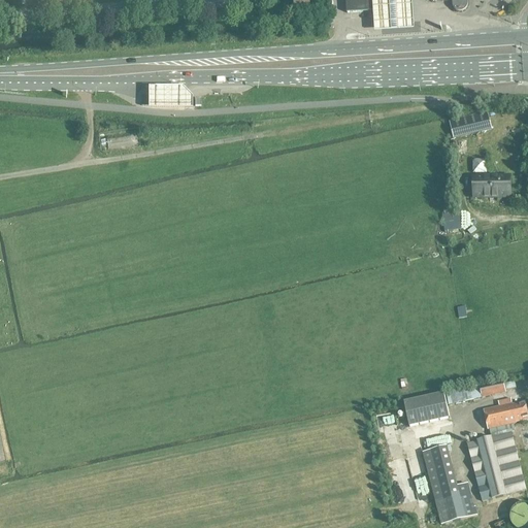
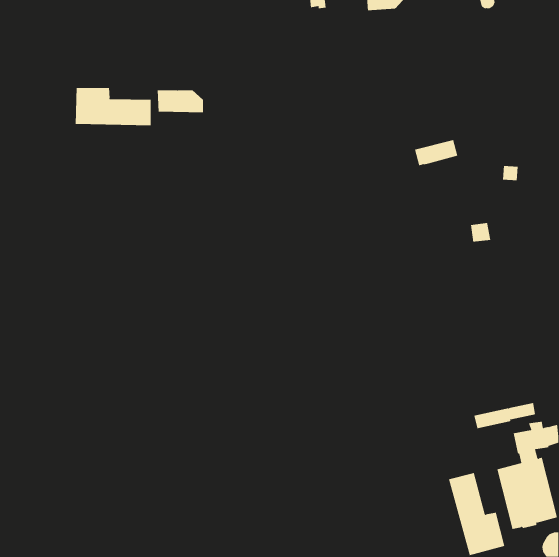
building: none -> [75,87,151,126]
building: [449,110,490,135] -> [414,140,458,166]
building: [472,174,510,195] -> none
building: [403,391,449,424] -> none

